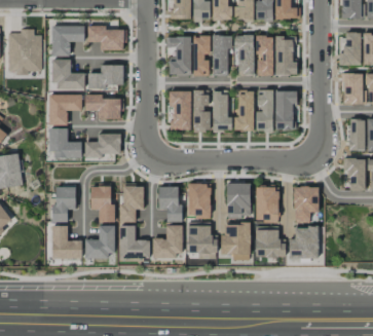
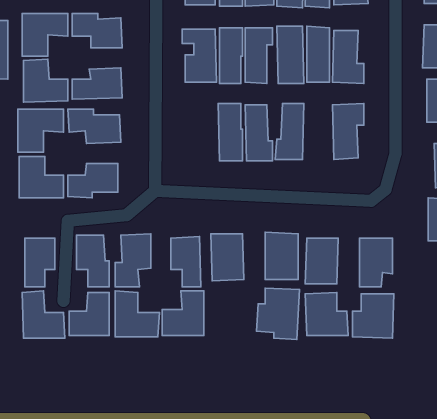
building: [256,89,273,132] -> none
building: [169,90,190,129] -> none
building: [186,224,215,255] -> none

